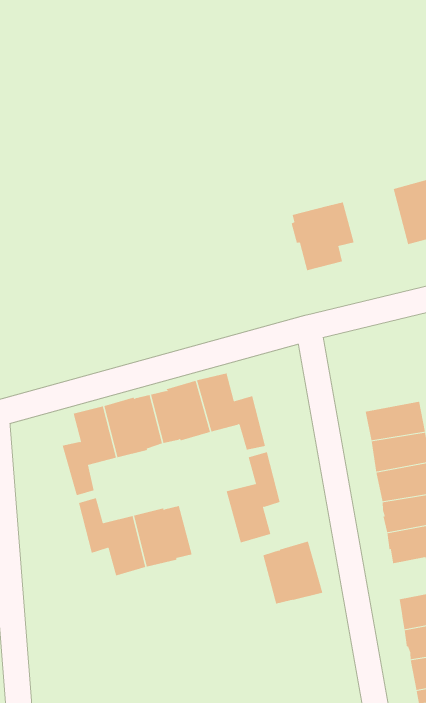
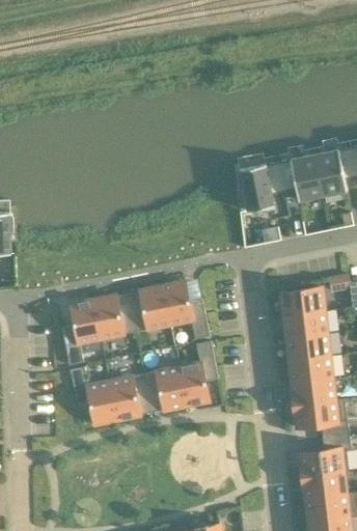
building: none -> [277,155,322,200]
building: none -> [281,287,324,315]
building: [262,541,323,604] -> [144,367,187,412]

